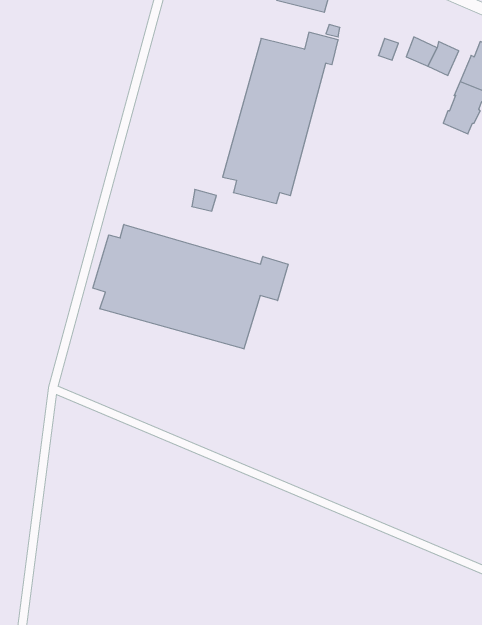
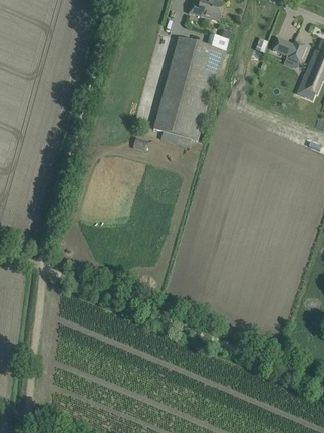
building: [93,224,288,349] -> none

